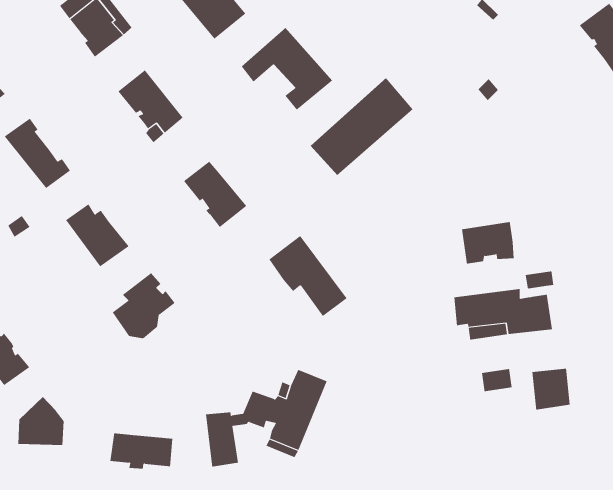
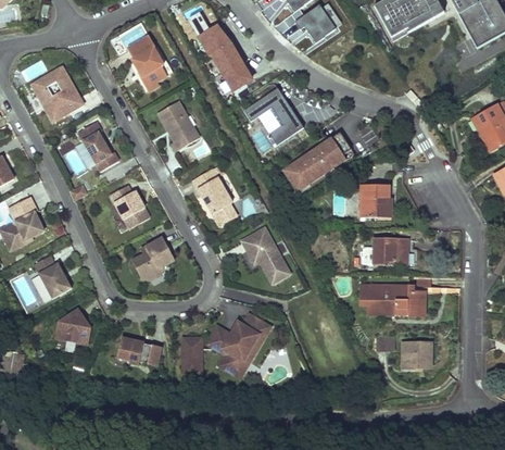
building: none -> [362,184,391,216]

